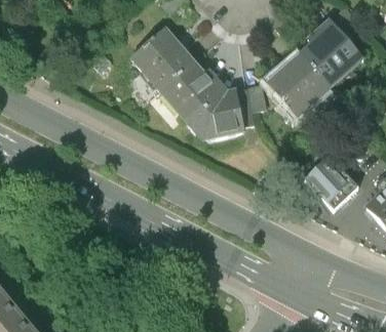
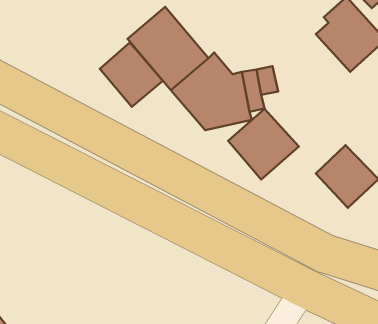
building: [268,54,332,118] -> [228,109,299,180]
building: none -> [100,43,163,107]

